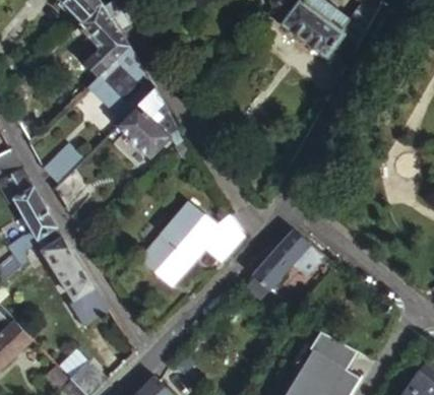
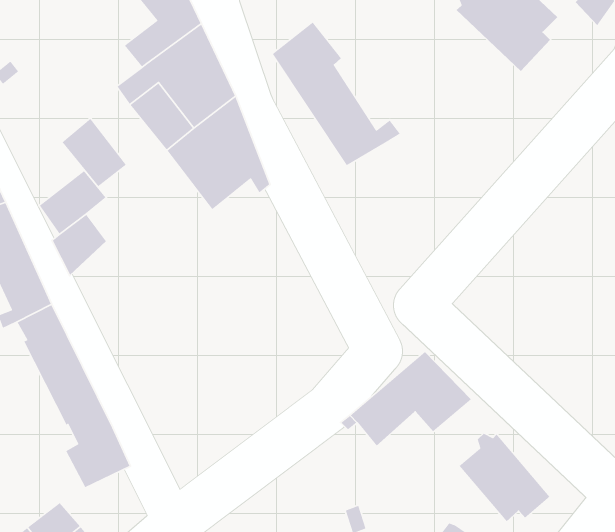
building: none -> [272,21,401,166]
building: none -> [61,118,127,187]
building: [141,200,245,285] -> none
building: none -> [459,433,551,522]

